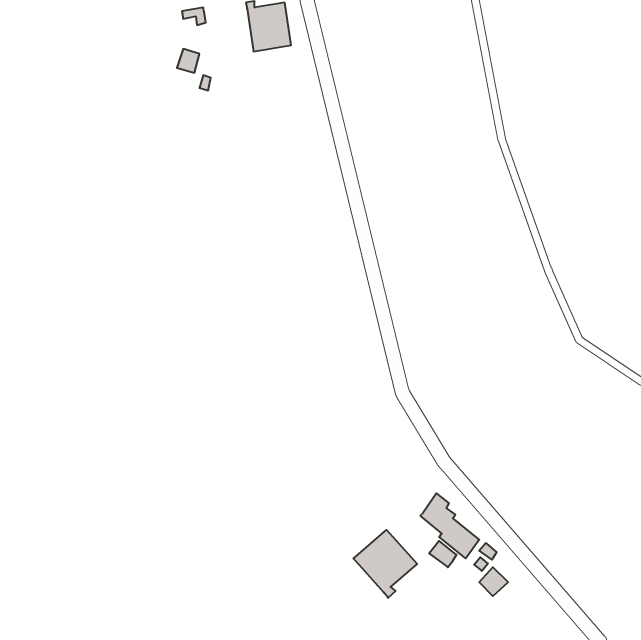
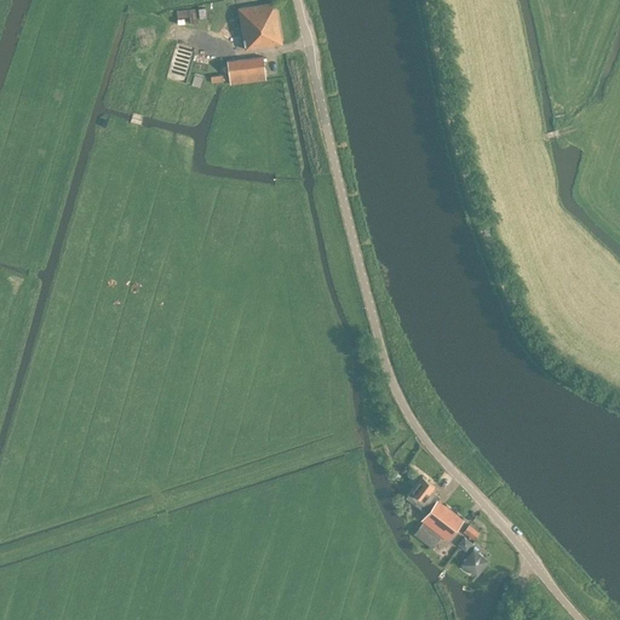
building: none -> [226,58,265,85]
building: [353,530,417,598] -> none

